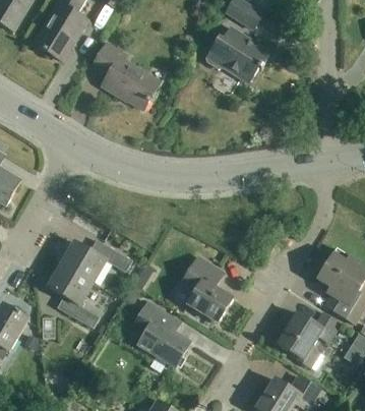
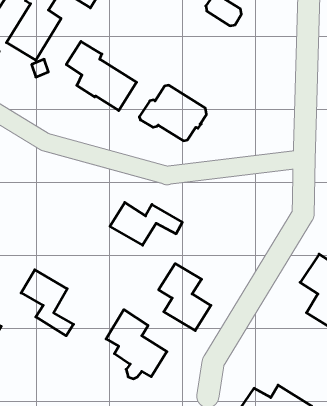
building: [204,26,269,80] -> [139,85,206,141]
building: [62,240,132,282] -> [110,202,182,245]
building: [277,312,341,370] -> none

